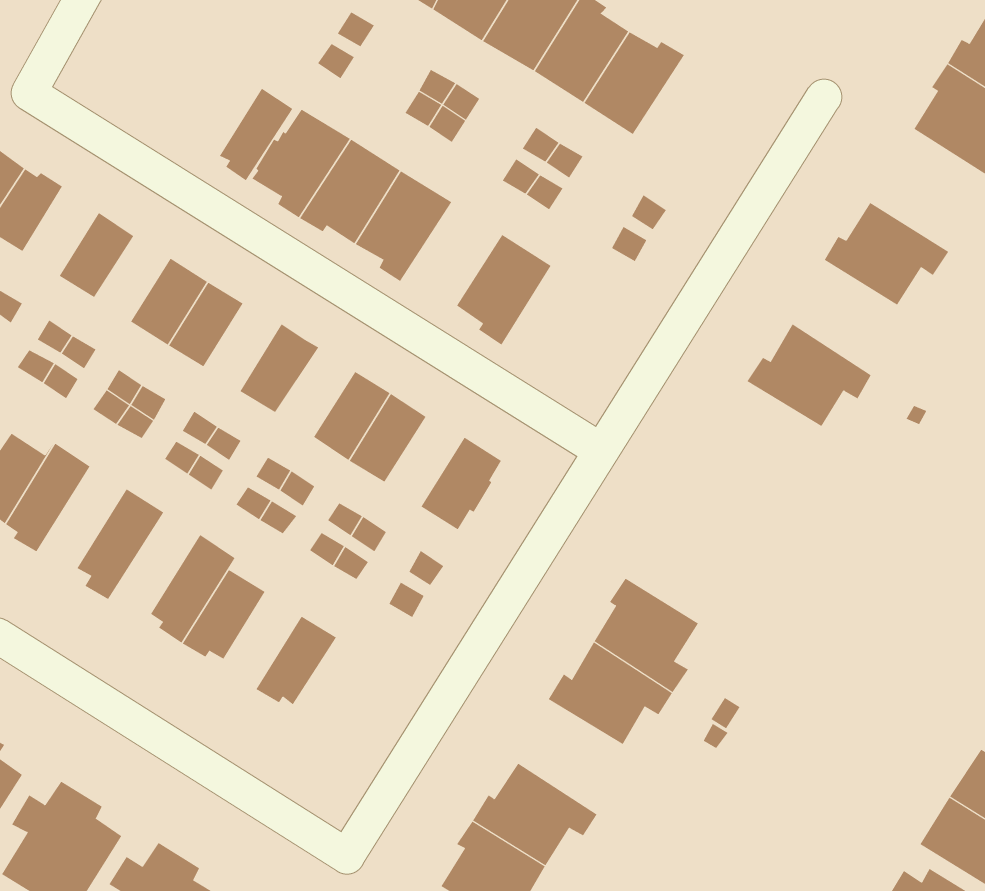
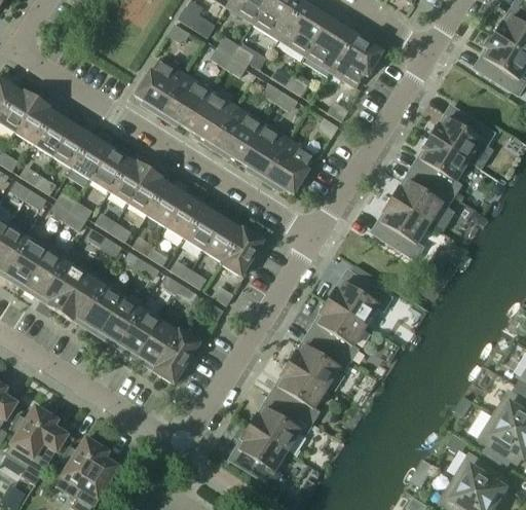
building: none -> [331,31,382,87]
building: [219,88,293,181] -> none
building: none -> [15,99,54,145]
building: none -> [211,107,263,160]
building: none -> [52,124,91,169]
building: none -> [413,137,467,196]
building: none -> [263,140,314,194]
building: none -> [109,159,149,205]
building: none -> [146,182,187,228]
building: none -> [373,199,428,260]
building: none -> [202,218,243,264]
building: none -> [23,244,69,296]
building: none -> [60,267,107,321]
building: none -> [327,271,391,325]
building: none -> [119,308,159,359]
building: none -> [153,326,201,384]
building: none -> [271,364,326,424]

